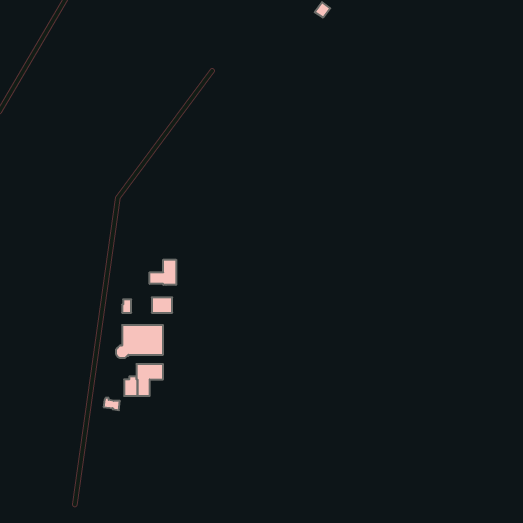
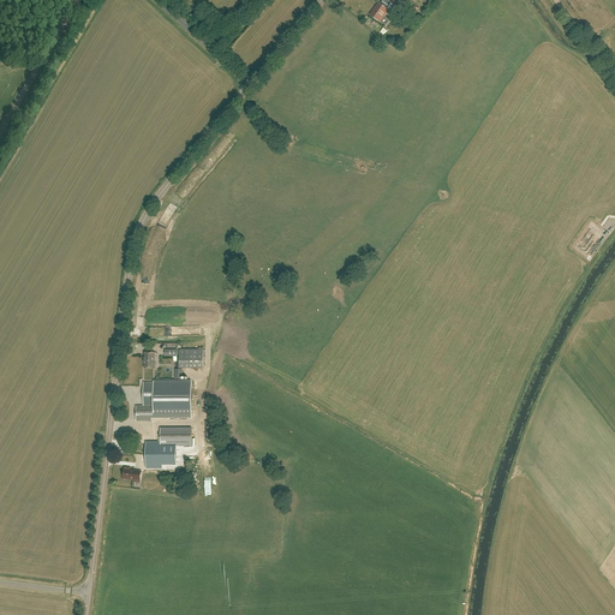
building: [150,260,176,285] -> none

